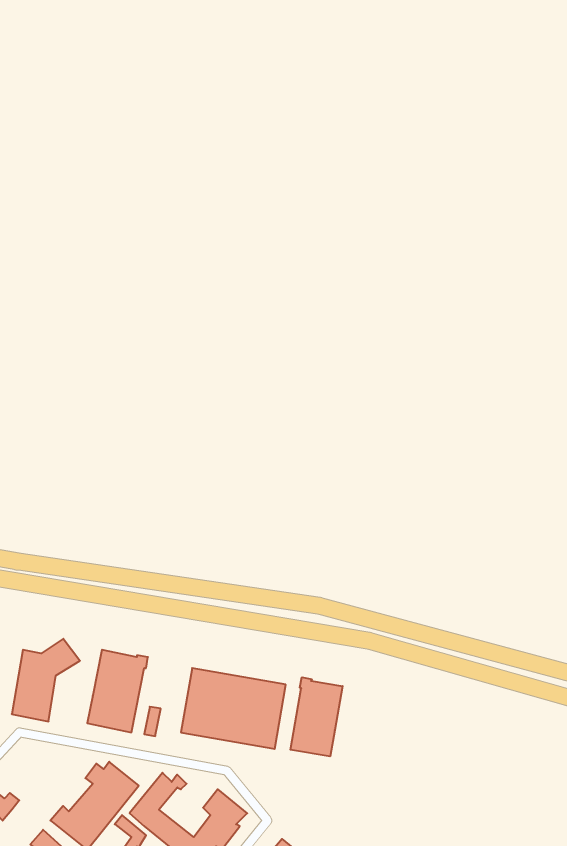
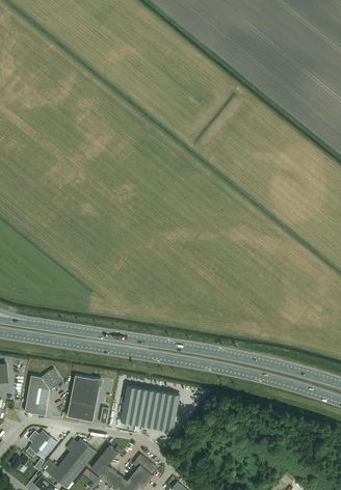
building: [290,677,343,756] -> none
building: none -> [28,430,57,459]

